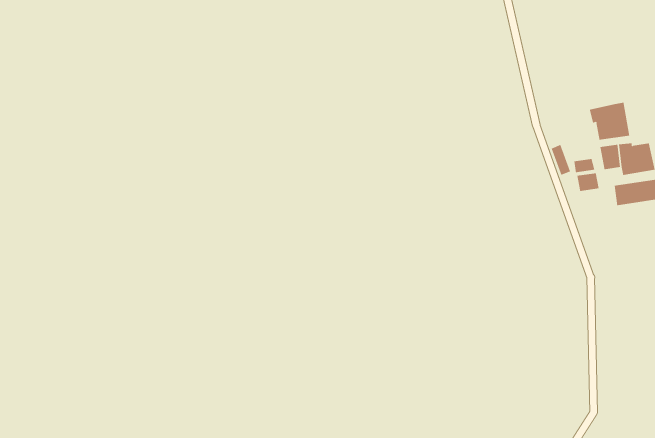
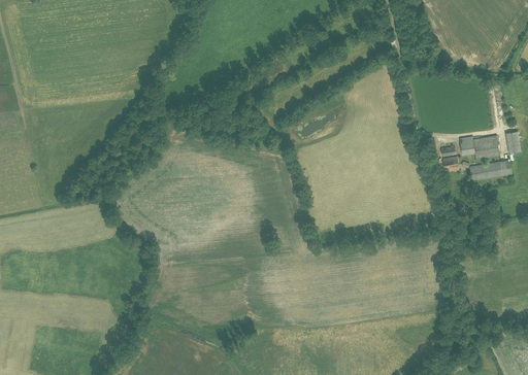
building: [589,102,630,140] -> none

